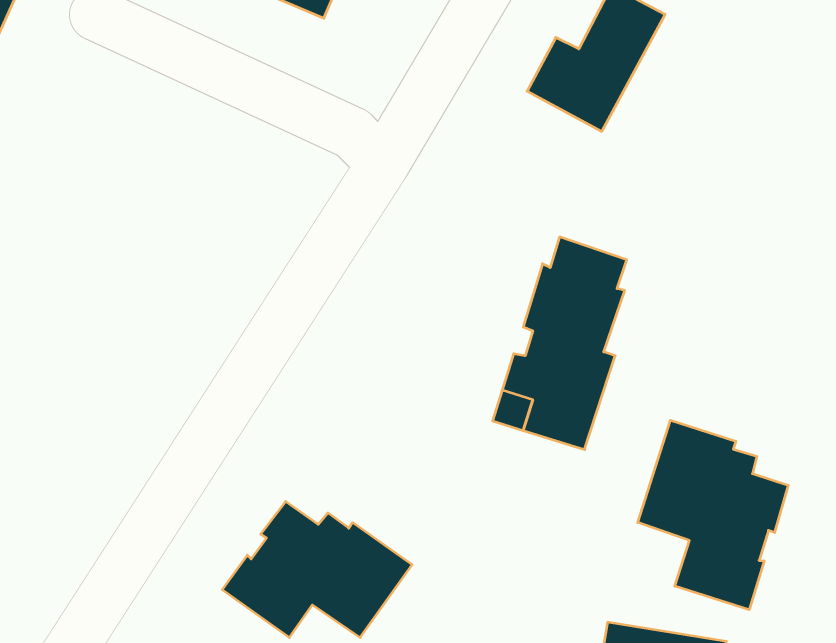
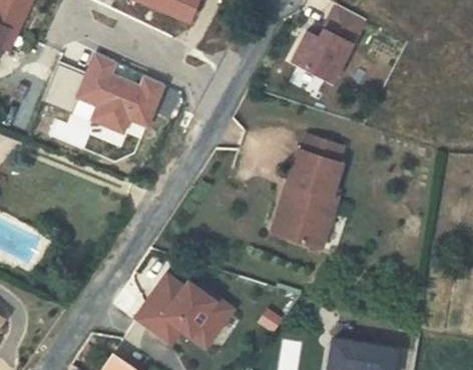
building: none -> [42,54,160,132]
building: [638,420,788,610] -> none

